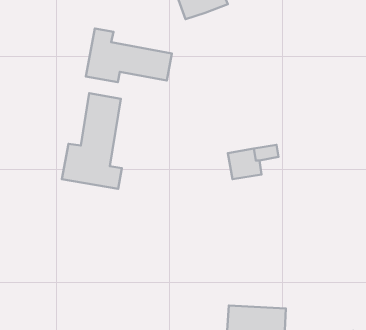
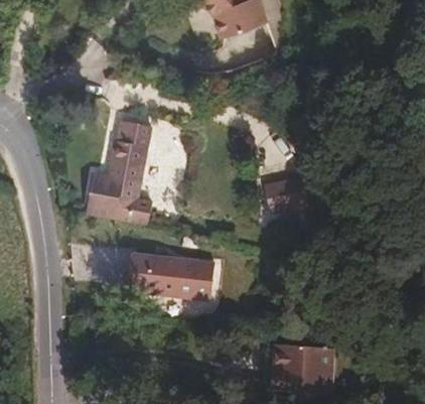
building: [86,29,172,82] -> none
building: none -> [129,253,215,296]

